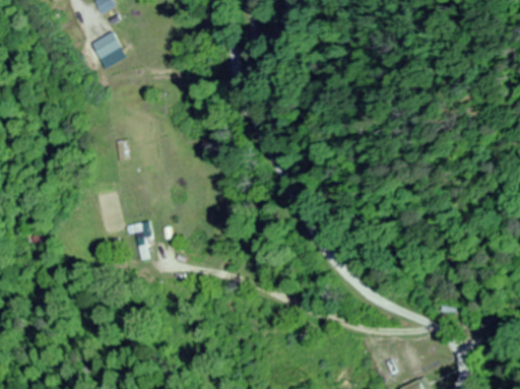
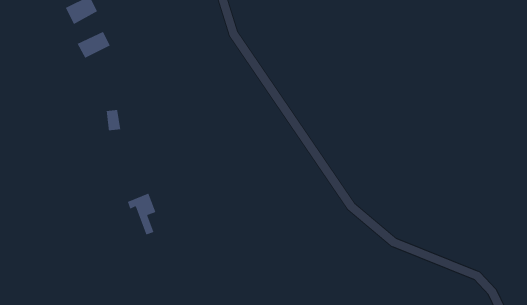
building: none -> [77,31,111,59]

